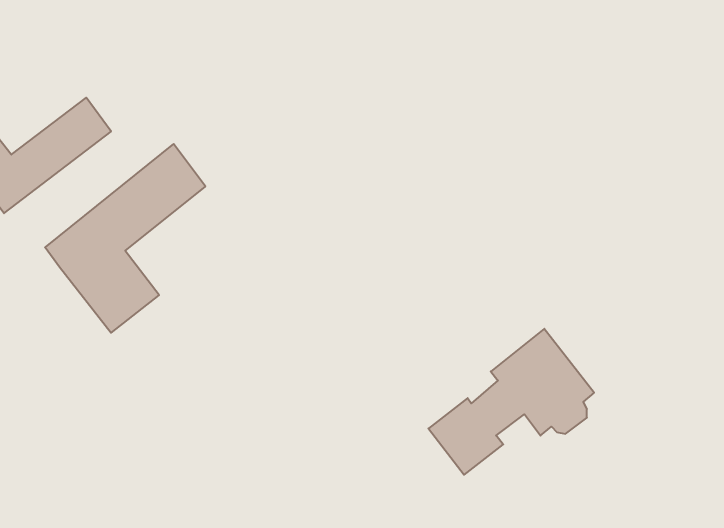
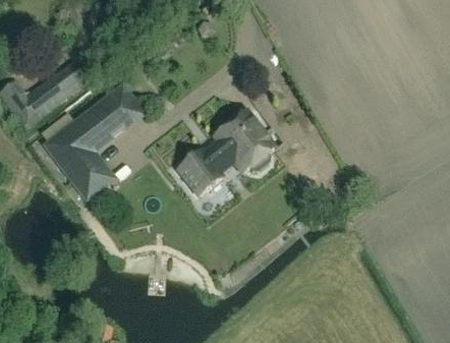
building: [428,329,594,475] -> [177,110,272,193]

